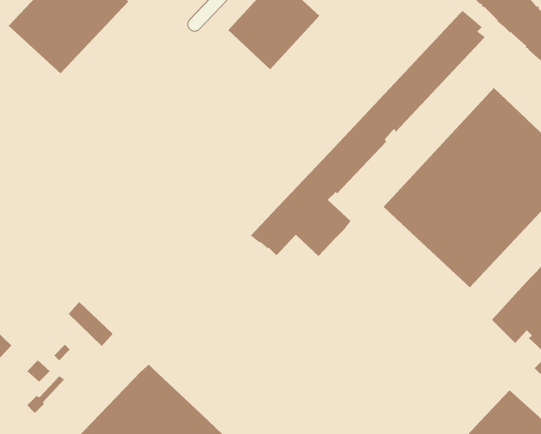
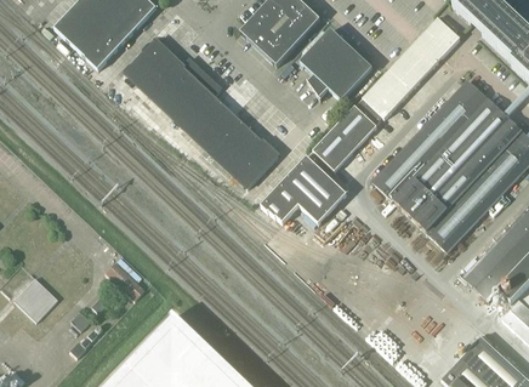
building: none -> [300,28,372,99]
building: none -> [125,39,278,187]

